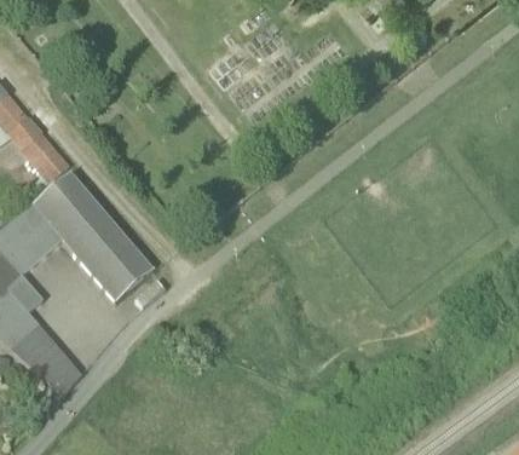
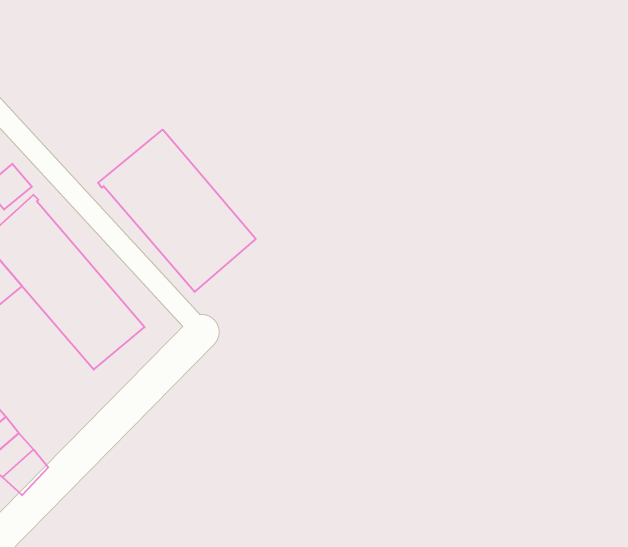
building: none -> [98,130,256,292]

